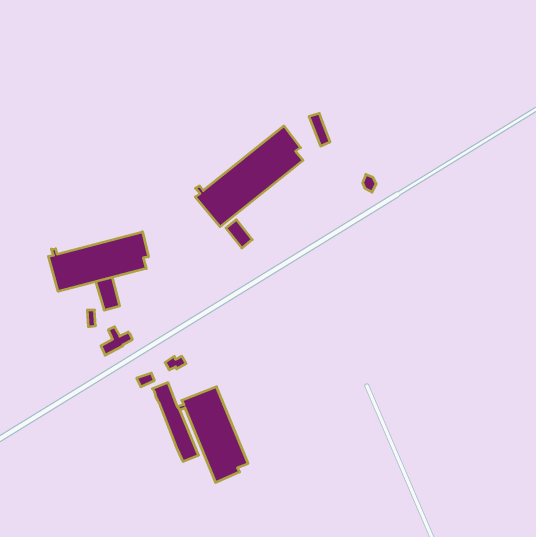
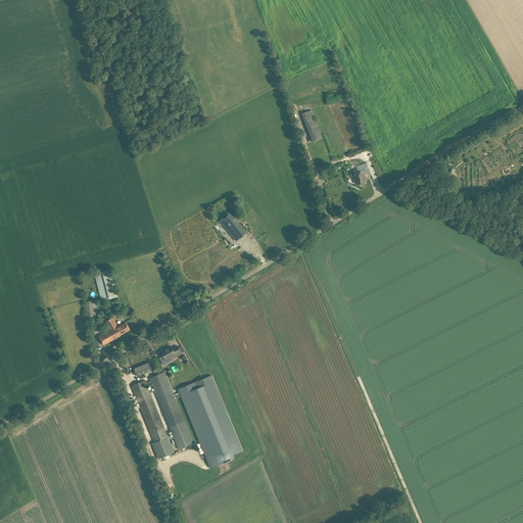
building: [195,126,303,227] -> none
building: [48,232,148,291] -> none
building: none -> [131,380,174,459]

